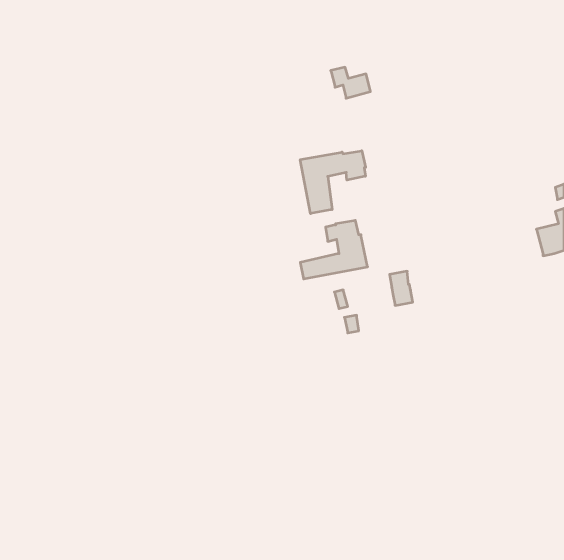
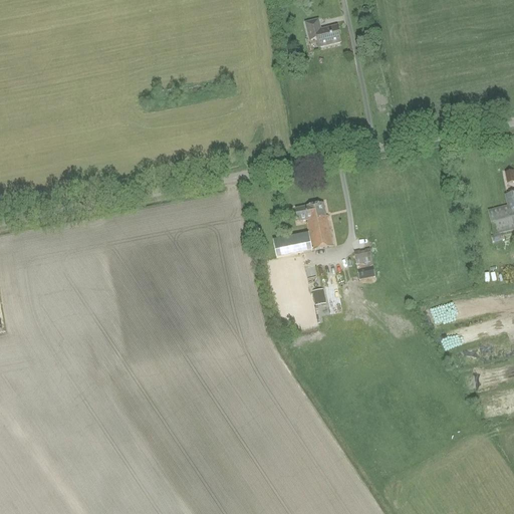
building: [331,67,370,98] -> [305,18,341,46]
building: [300,151,366,214] -> none

